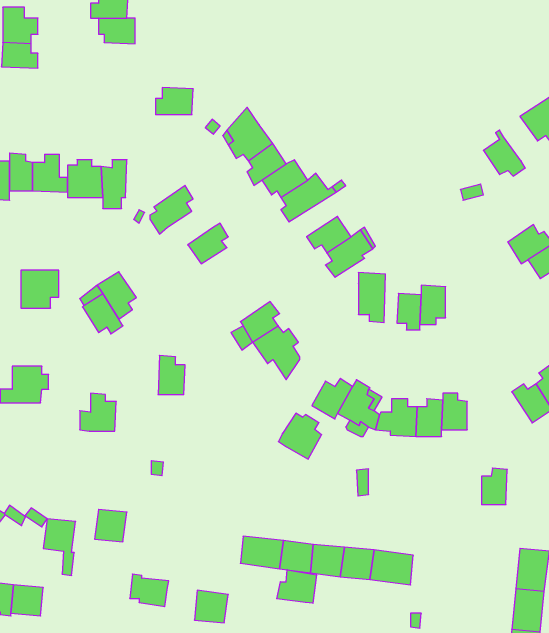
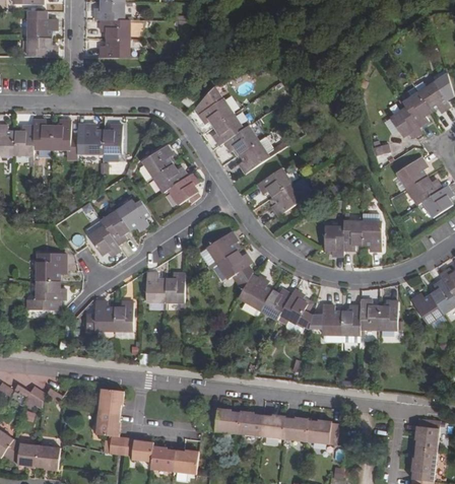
building: [156,88,193,115] -> [100,38,128,58]
building: none -> [402,93,431,127]
building: none -> [397,156,428,188]
building: none -> [152,164,187,193]
building: none -> [116,200,149,230]
building: [21,270,59,308] -> [36,253,64,281]
building: [358,273,385,323] -> [362,213,382,251]
building: none -> [165,274,184,303]
building: none -> [113,302,133,330]
building: [278,413,322,459] -> [239,276,271,310]
building: [482,468,507,505] -> [378,301,397,329]
building: [43,519,76,575] -> [94,411,119,454]
building: [277,570,316,603] -> none
building: none -> [150,447,175,472]

